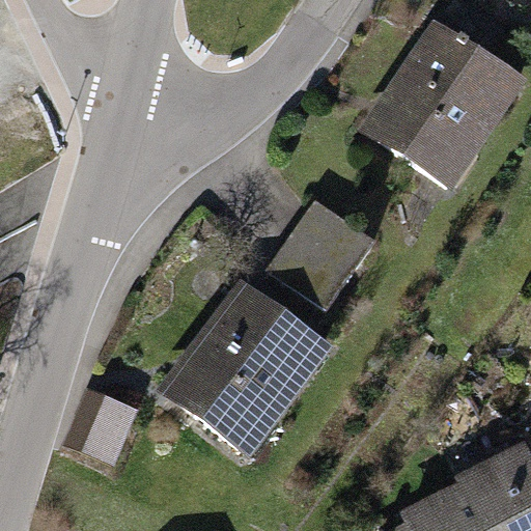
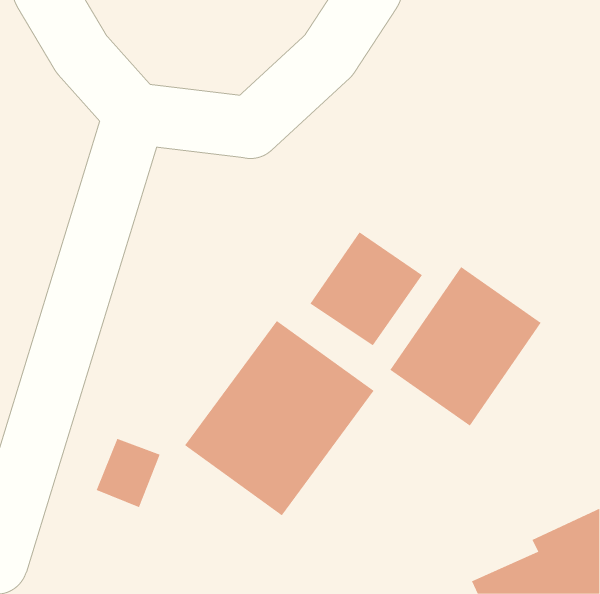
building: [367,27,523,186] -> none
building: none -> [390,266,541,426]

